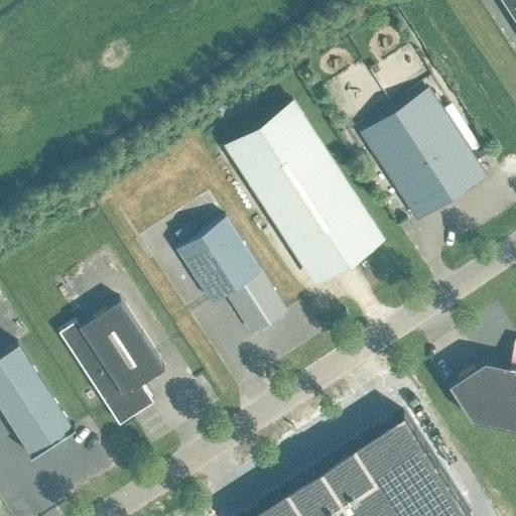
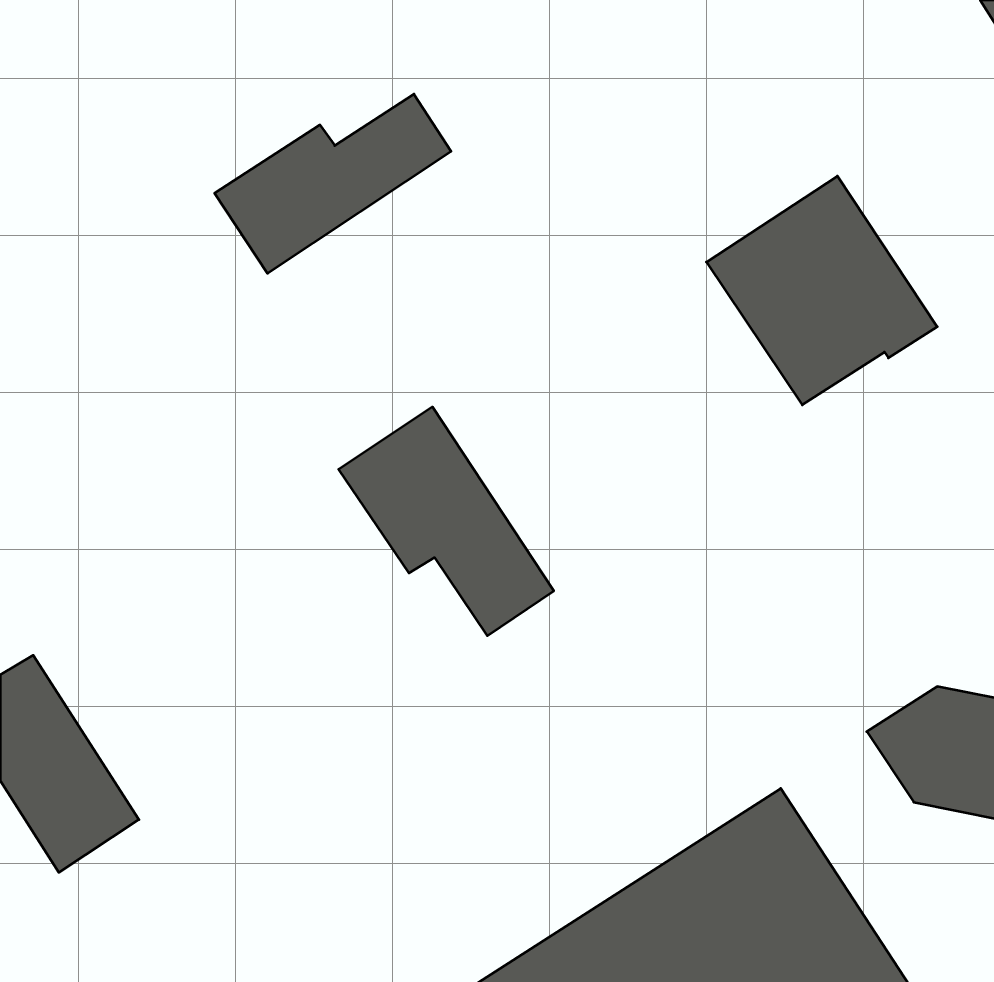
building: none -> [215,94,451,273]
building: [228,105,383,284] -> none
building: [60,302,165,425] -> none

